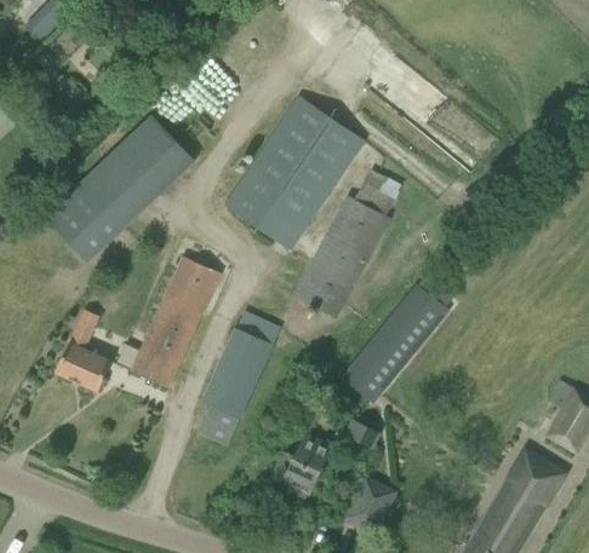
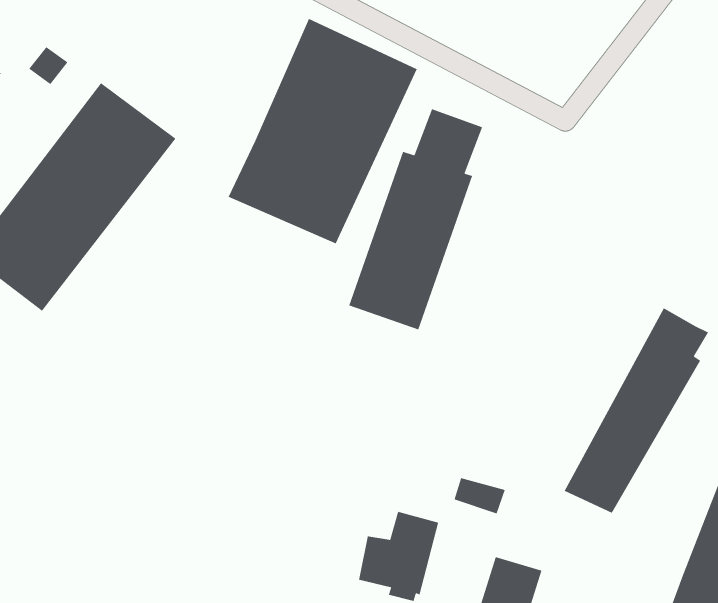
building: [116,255,219,385] -> none
building: [343,269,458,402] -> [563,307,709,514]
building: [56,309,109,390] -> none
building: [199,310,281,444] -> none

